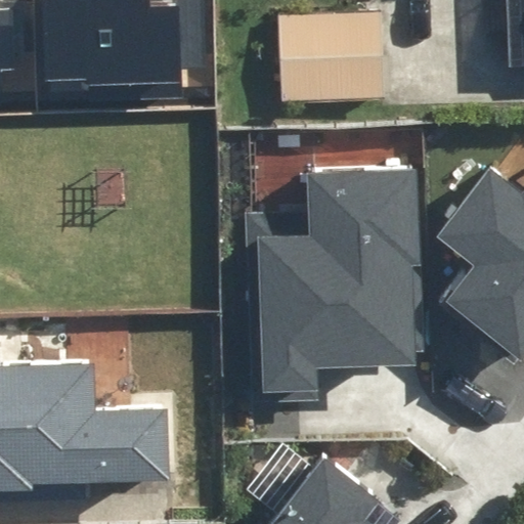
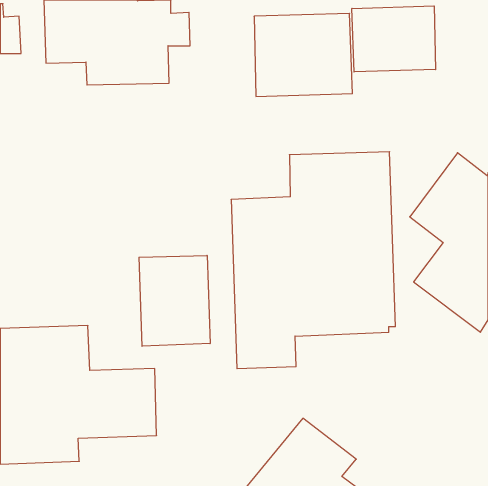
building: none -> [352,6,436,72]
building: none -> [139,255,210,346]

